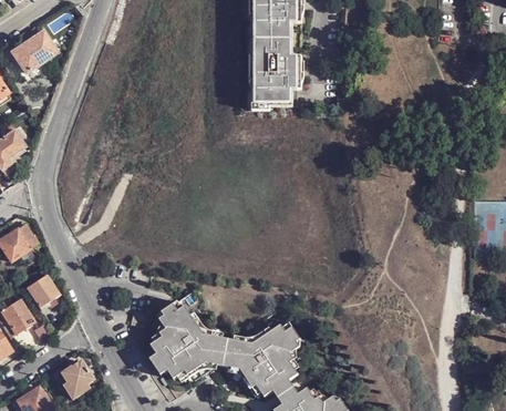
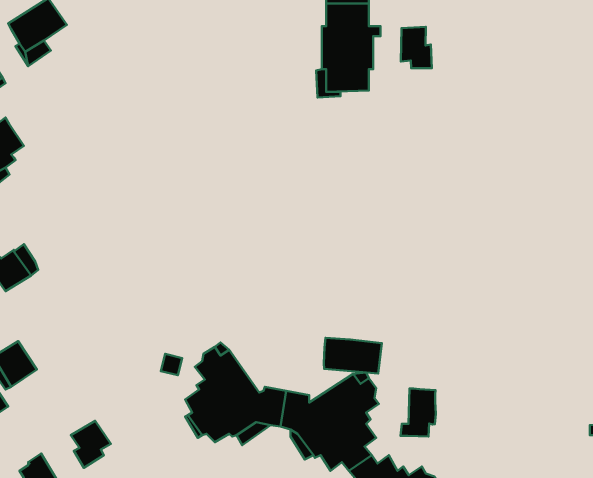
building: none -> [401,27,432,68]
building: [25,273,56,306] -> none
building: none -> [324,338,382,373]
building: none -> [401,388,436,437]

